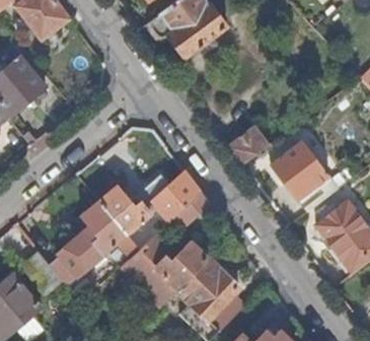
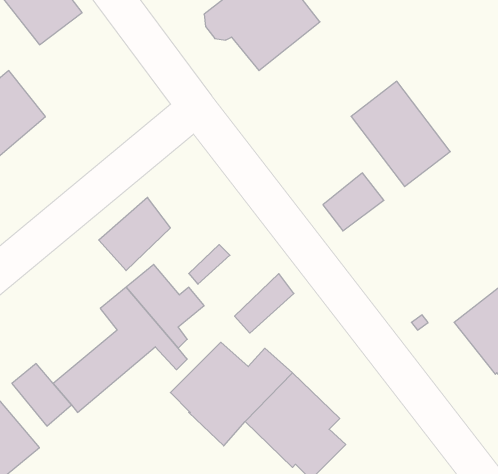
building: [271,140,337,210] -> [351,81,450,187]
building: [152,172,200,220] -> [99,197,170,271]

